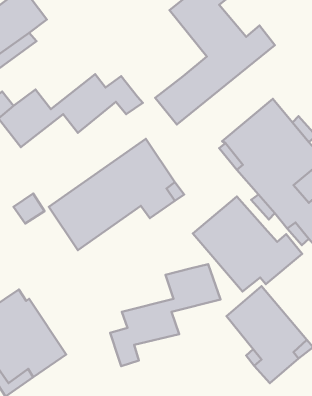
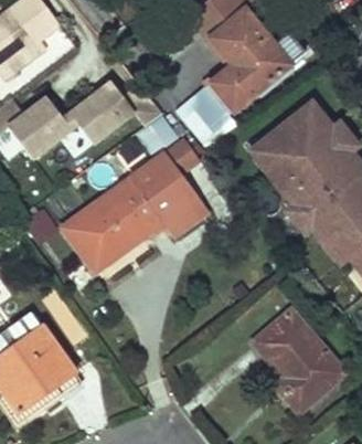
building: [193,197,302,292] -> none
building: [110,264,220,366] -> none

